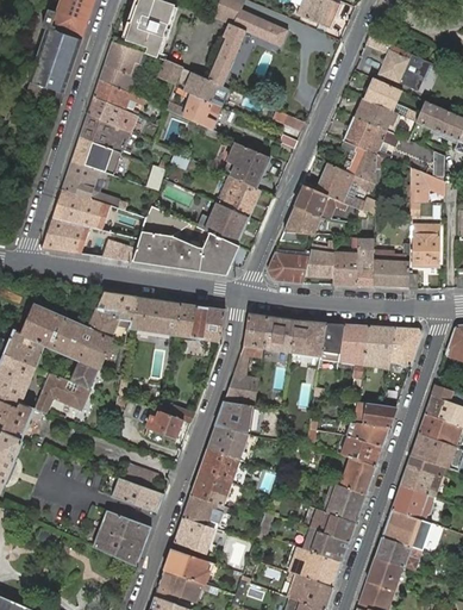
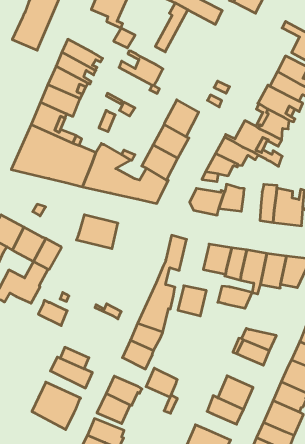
building: [99,42,142,93] -> none
building: [174,68,219,102] -> none
building: [332,250,356,286] -> none
building: [87,292,137,338] -> none
building: [175,304,225,342] -> none
building: [262,317,295,353] -> [178,286,206,316]
building: [353,403,395,428] -> [218,286,252,308]
building: [146,409,182,438] -> [38,300,67,326]
building: [340,458,375,494] -> none
building: [190,471,229,505] -> [146,368,177,397]
building: [304,529,348,562] -> none

